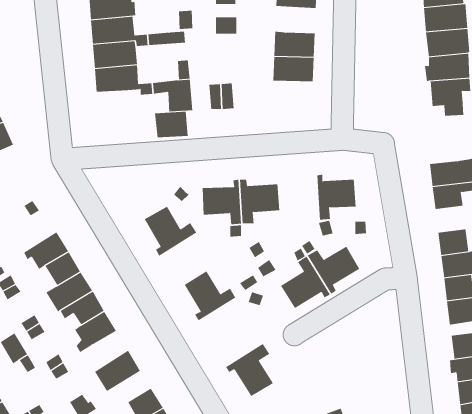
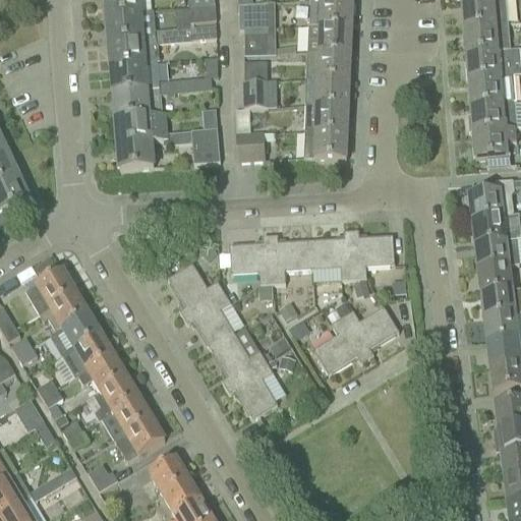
building: none -> [307,51,352,79]
building: none -> [244,80,268,107]
building: none -> [304,130,349,159]
building: [154,111,188,138] -> [117,140,154,169]
building: none -> [467,179,514,219]
building: none -> [311,231,355,280]
building: none -> [478,264,512,292]
building: none -> [26,270,75,313]
building: none -> [184,292,235,348]
building: none -> [113,397,152,433]
building: [225,343,274,397] -> [226,361,278,418]

